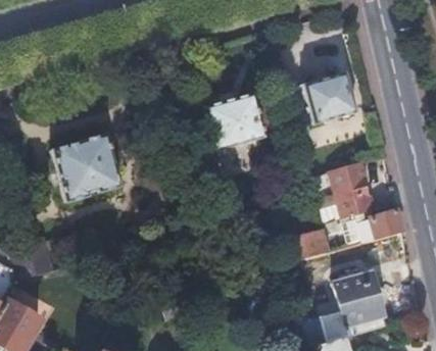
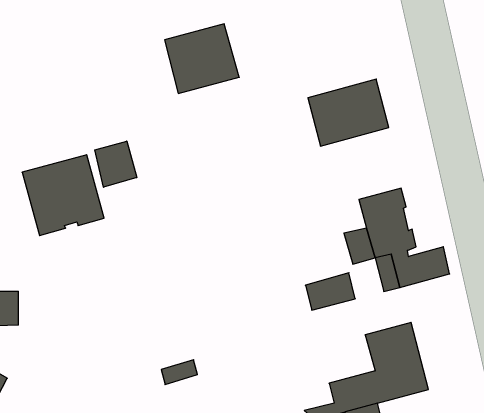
building: [203,93,264,150] -> [165,24,239,93]
building: none -> [95,141,137,187]

